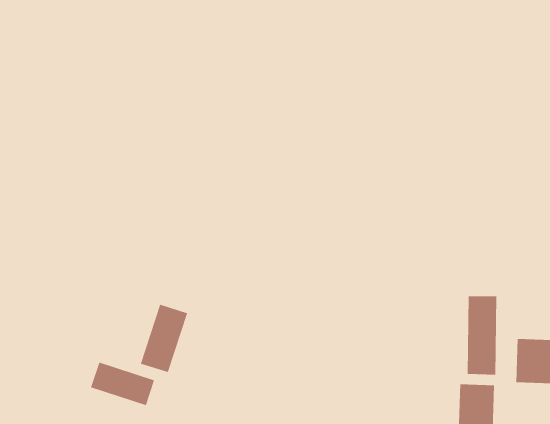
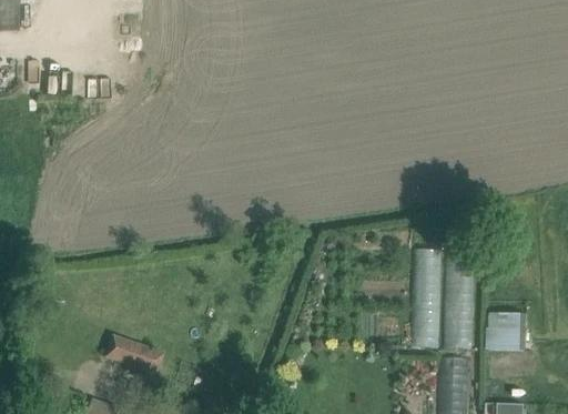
building: none -> [413,246,440,346]
building: [140,304,188,373] -> none

